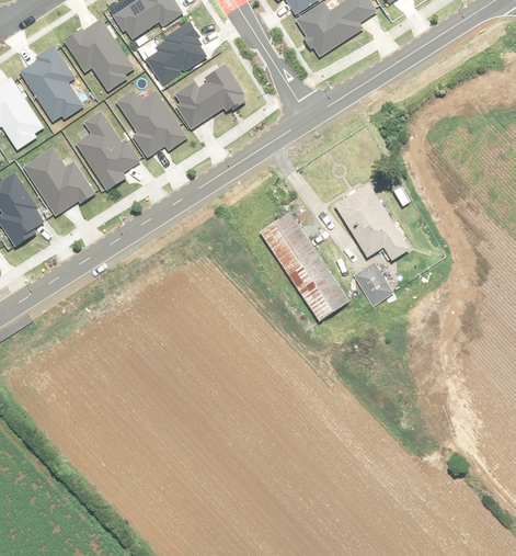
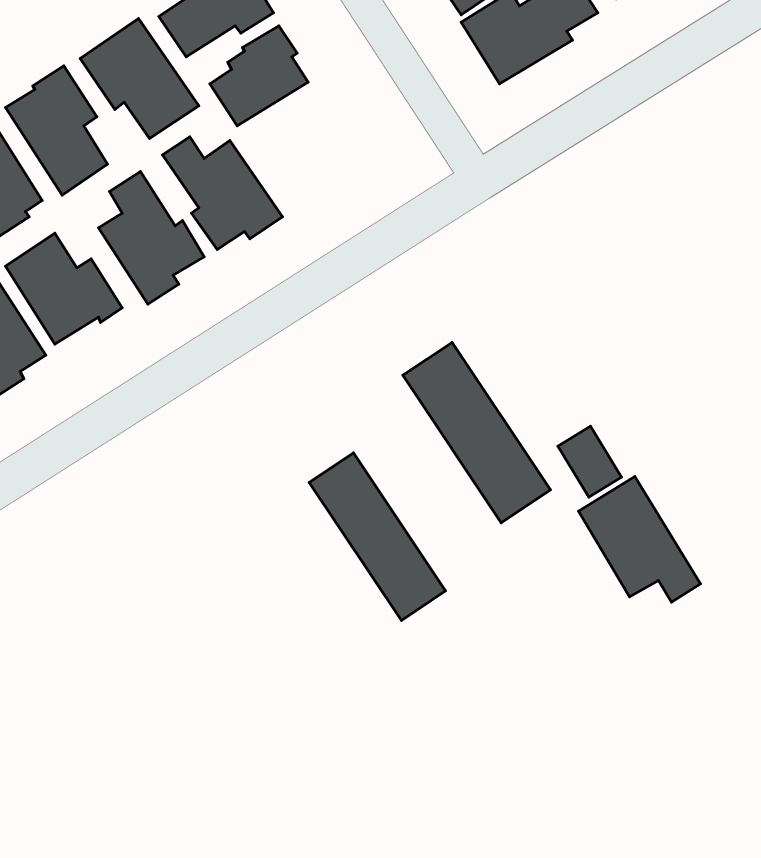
building: [174,64,242,128] -> none
building: [335,184,409,260] -> [578,477,701,602]
building: none -> [309,453,445,620]

